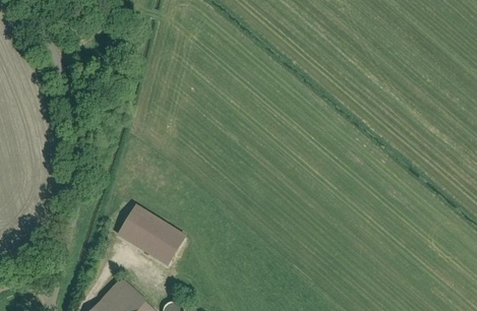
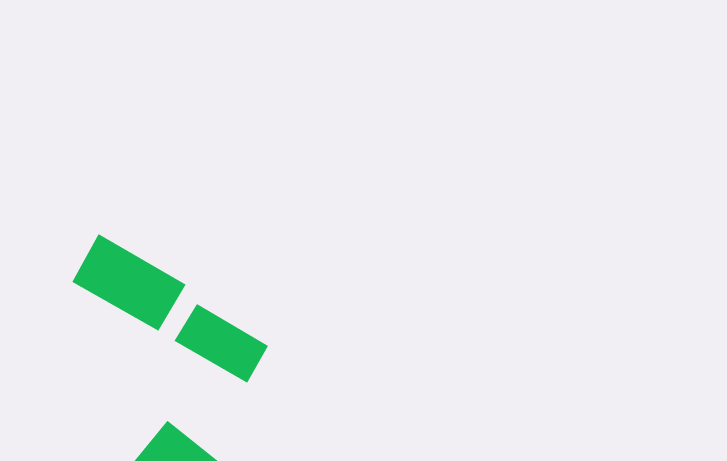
building: none -> [71,233,187,332]

